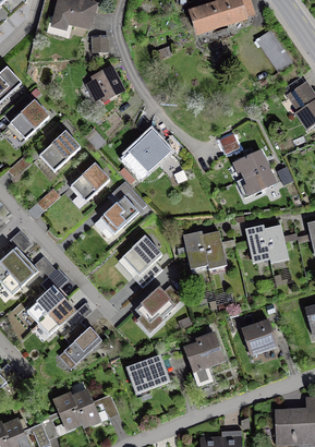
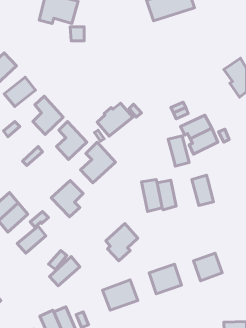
building: [252,25,286,63] -> none
building: [86,68,128,105] -> none
building: [263,224,289,262] -> [168,136,189,166]
building: [121,235,161,281] -> [51,181,83,217]
building: [35,300,73,336] -> none

